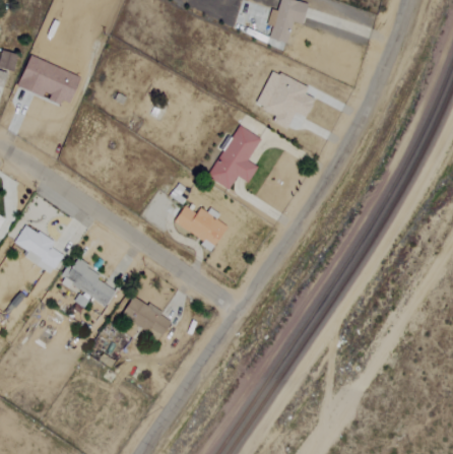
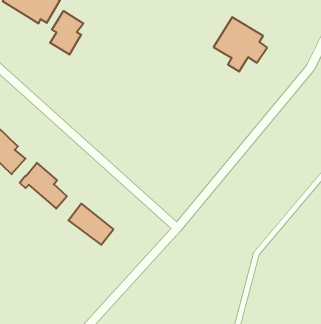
building: none -> [50,11,83,55]
building: [208,125,261,190] -> none
building: [174,205,228,249] -> none

